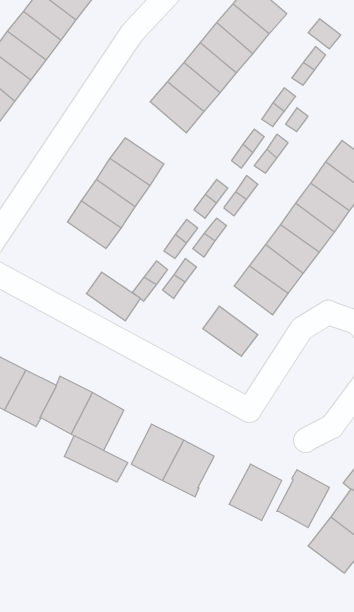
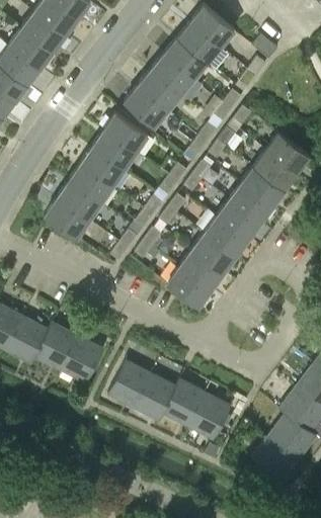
building: none -> [104,111,148,151]
building: [86,272,140,321] -> [46,197,89,237]
building: none -> [180,249,224,288]
building: [64,436,128,482] -> none
building: [277,470,329,528] -> [163,378,206,425]

